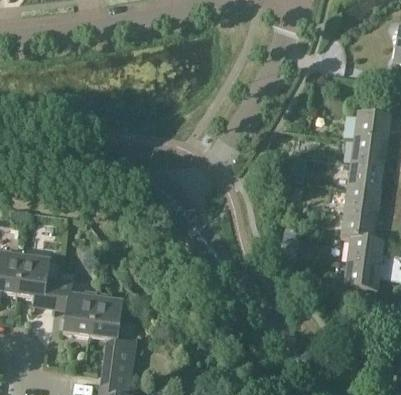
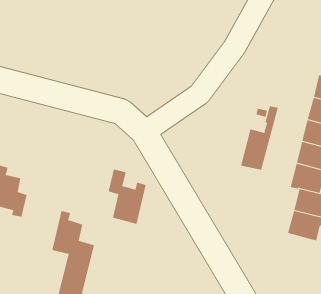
building: none -> [241,106,279,171]
building: [55,278,96,335] -> [108,169,146,225]

